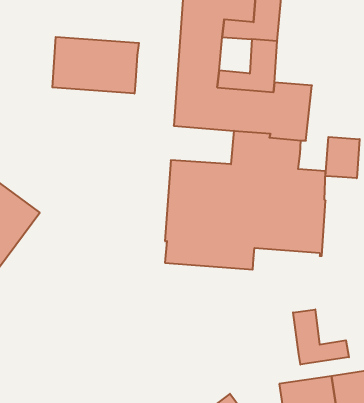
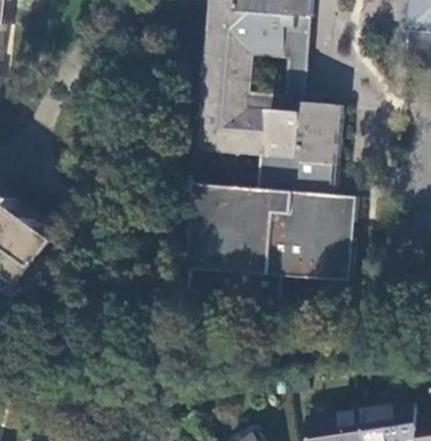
building: [52,37,139,94] -> none
building: [325,137,360,178] -> none
building: [293,309,349,365] -> none

